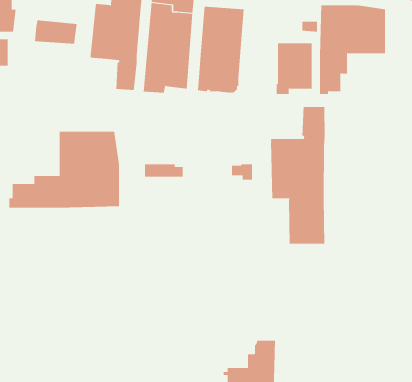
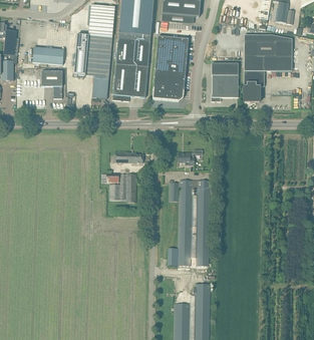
building: none -> [41,69,62,97]
building: [271,106,325,245] -> none
building: [9,131,119,208] -> none
building: none -> [109,173,135,201]

